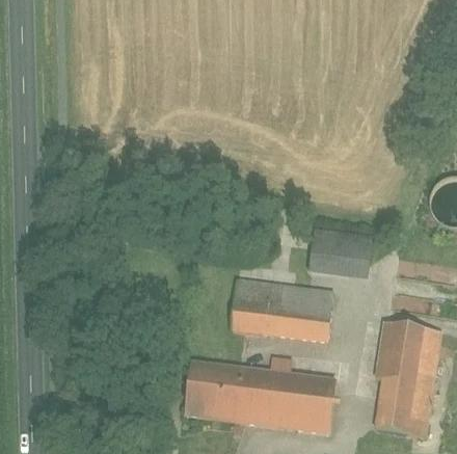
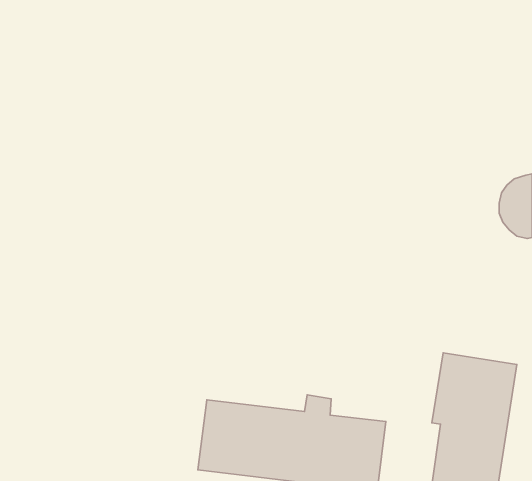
building: [307,226,374,278] -> none
building: [230,276,335,343] -> none

